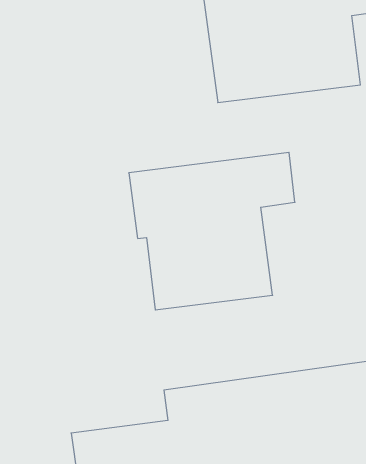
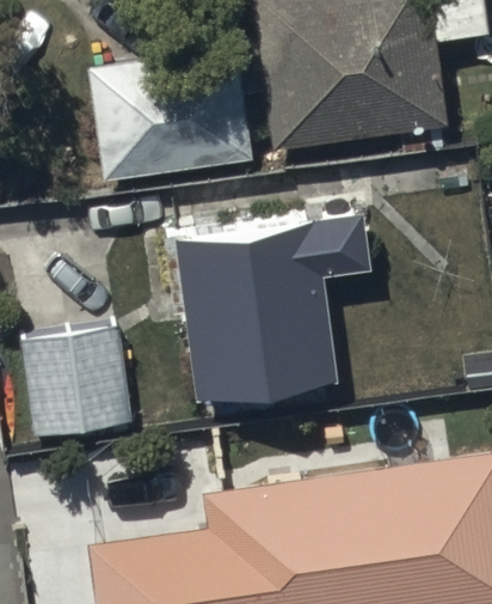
building: none -> [90,51,254,185]
building: none -> [23,327,133,435]

